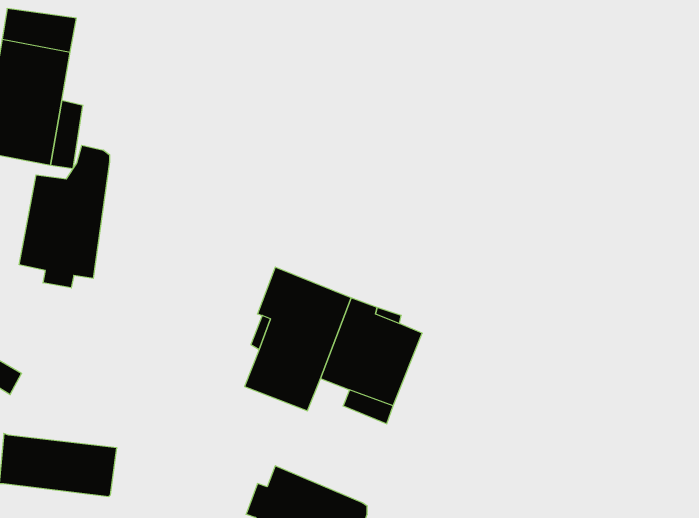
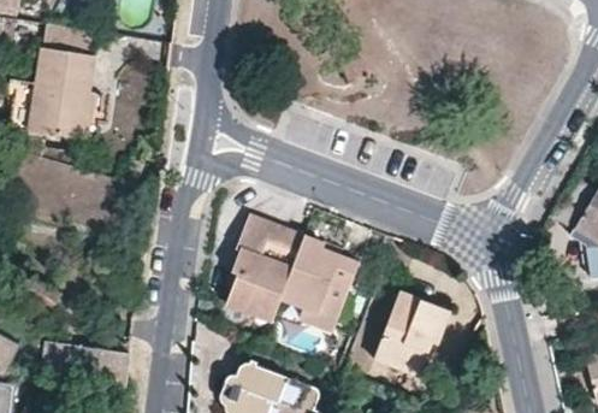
building: [19,145,110,288] -> none
building: none -> [372,291,449,377]

